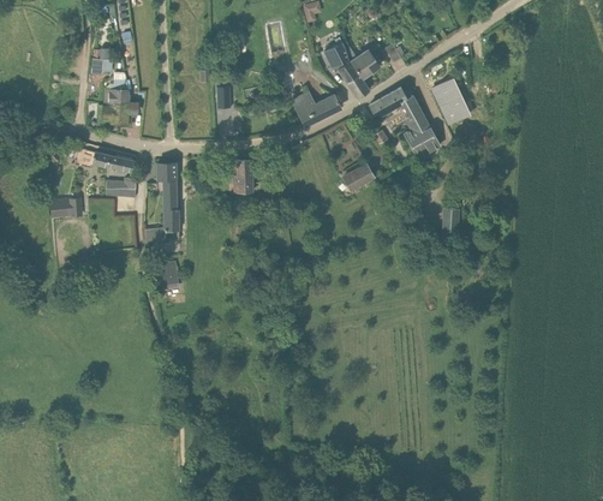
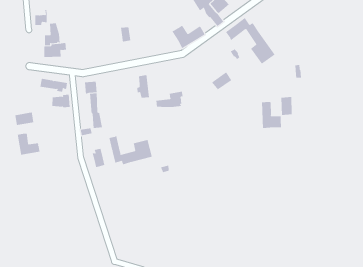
building: [429,78,459,123] -> none
building: none -> [156,91,183,108]
building: none -> [261,101,282,129]
building: none -> [17,133,40,156]
building: none -> [109,135,152,165]

